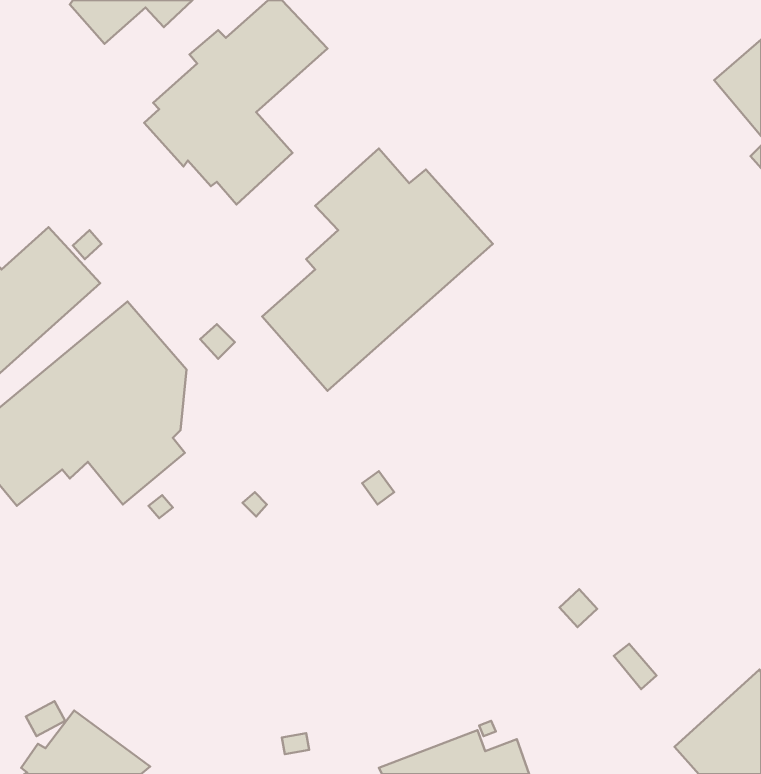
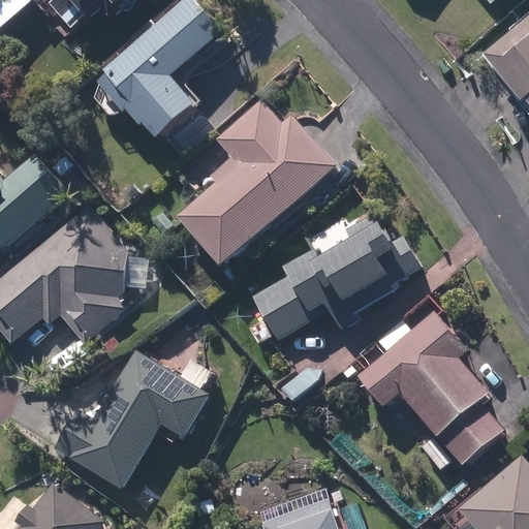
building: none -> [251,212,422,341]
building: none -> [357,313,503,467]
building: none -> [56,351,210,489]

